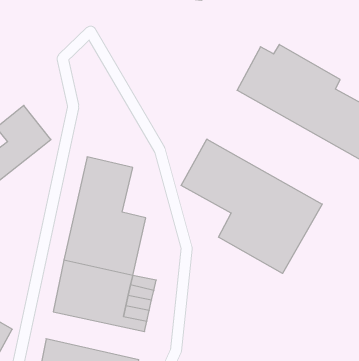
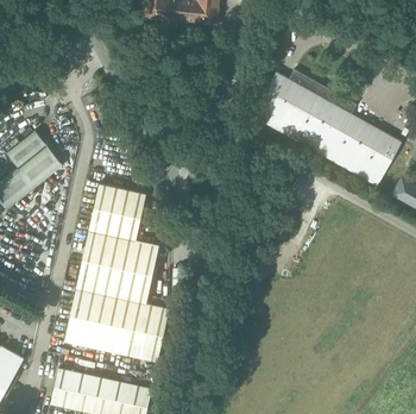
building: [181,139,322,273] -> none

